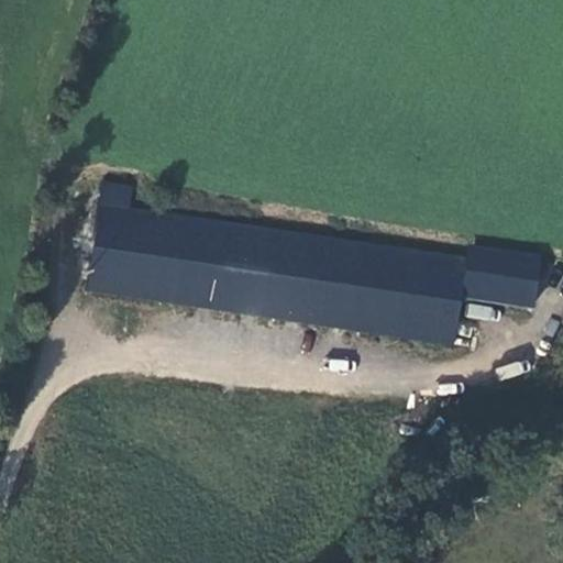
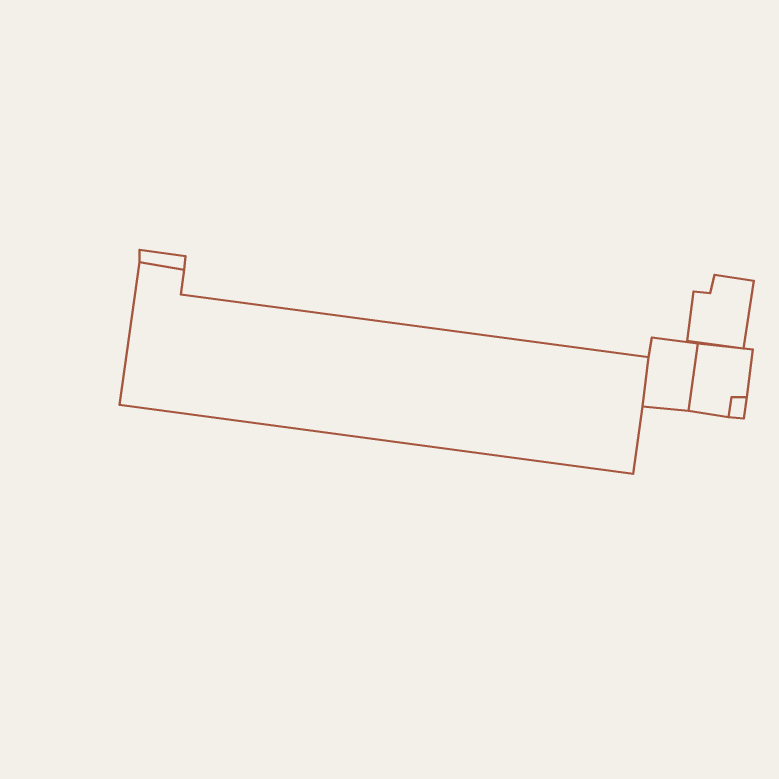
building: none -> [687,275,754,349]

